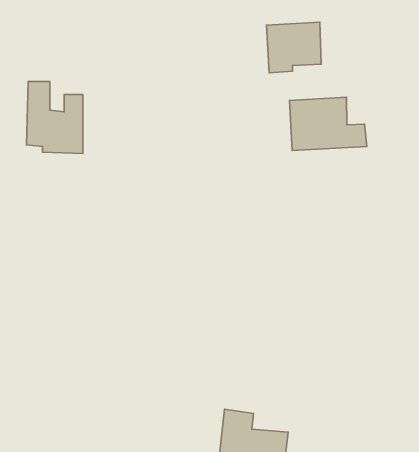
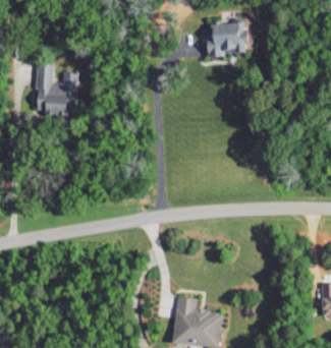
building: [290,97,367,150] -> none

